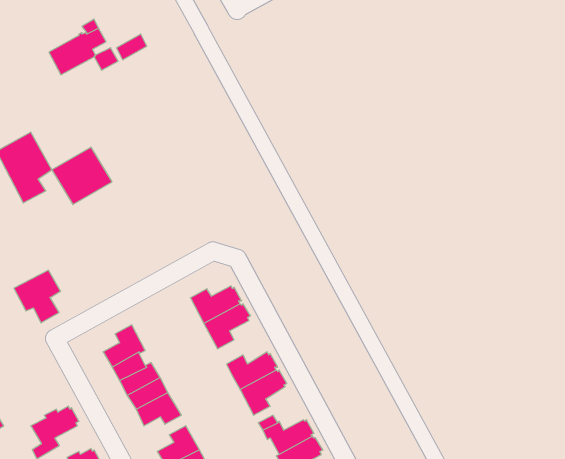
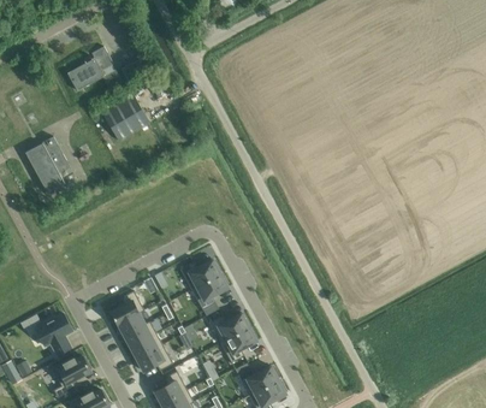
building: [52,147,112,204] -> [102,95,150,141]
building: [14,270,61,323] -> [35,313,72,355]

